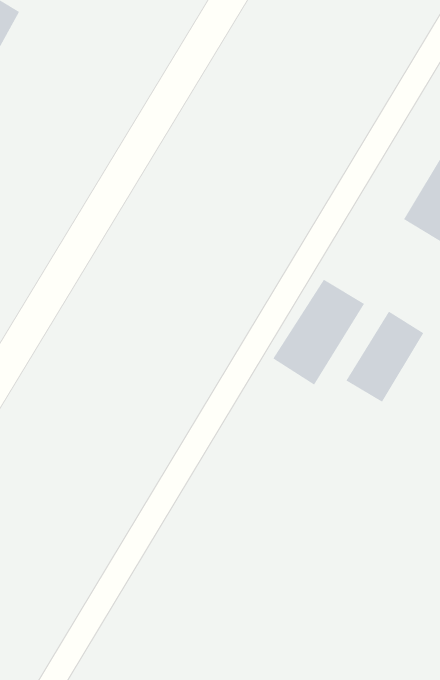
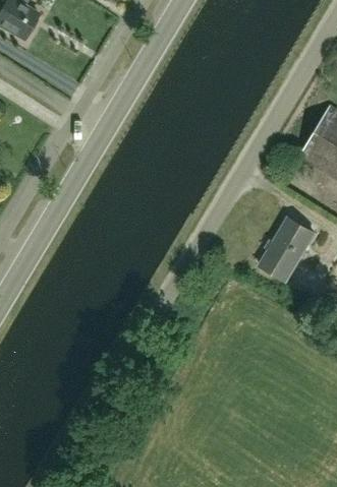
building: [273,279,365,385] -> none

